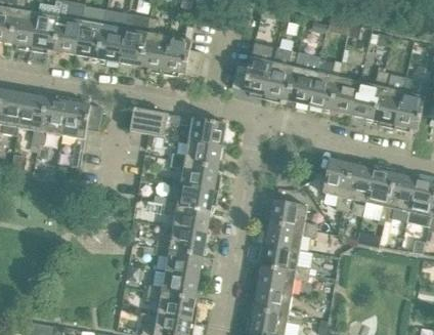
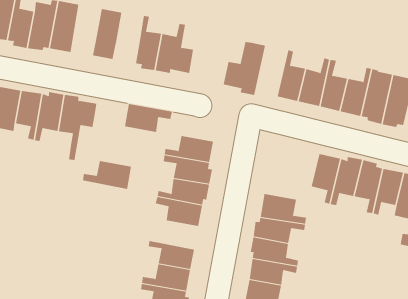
building: [75,5,105,57] -> none
building: [118,13,148,66] -> none
building: [263,47,297,102] -> none
building: [177,115,225,145] -> none
building: [155,226,206,256] -> [82,160,132,189]

